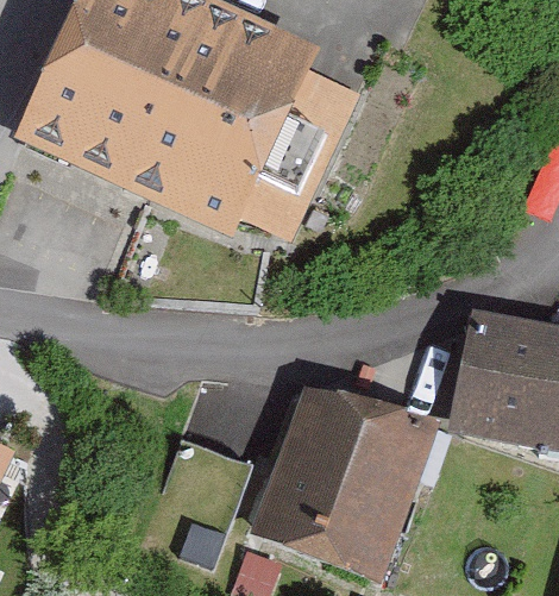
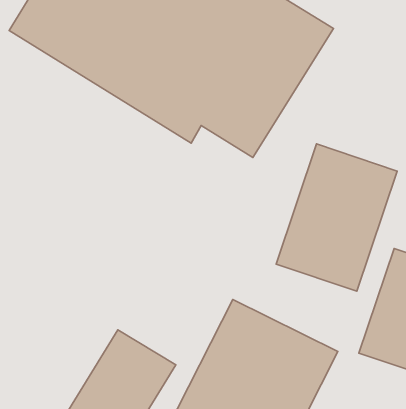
building: none -> [276,144,397,291]

